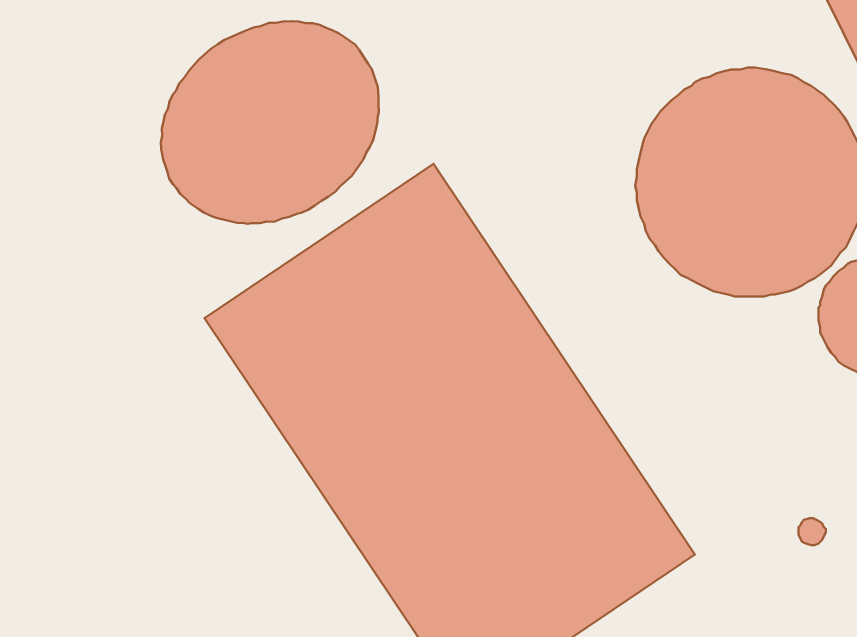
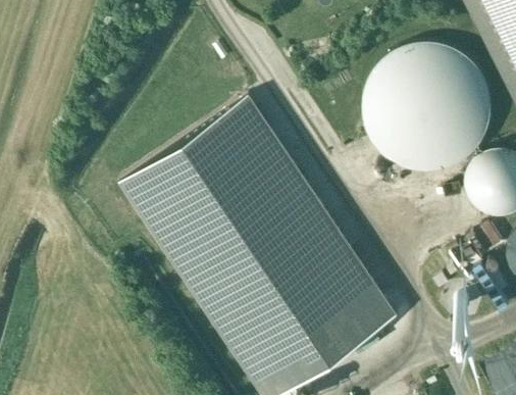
building: [161,21,379,224] -> none

